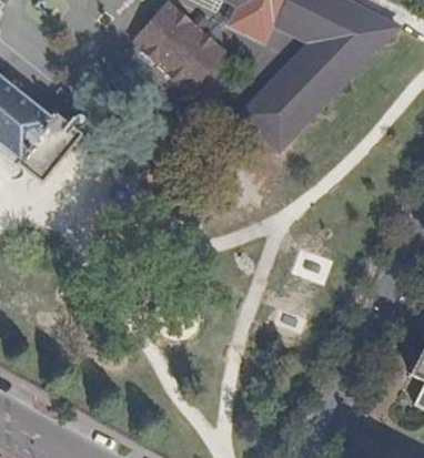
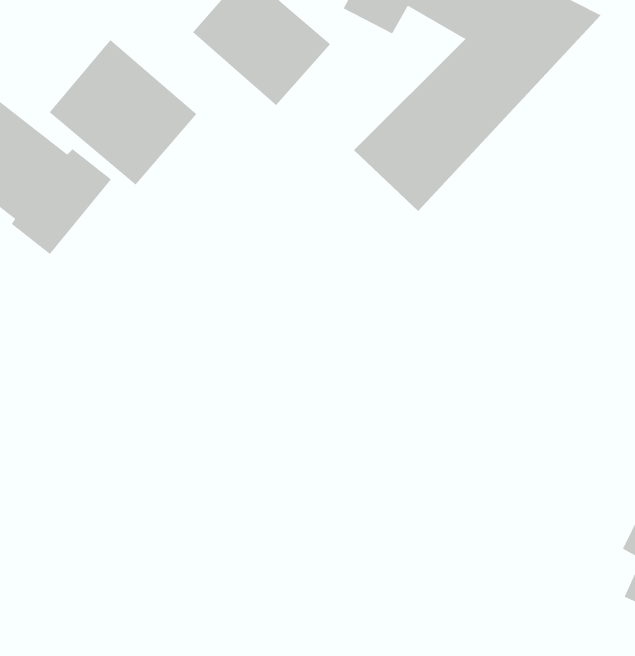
building: none -> [49,39,197,185]

